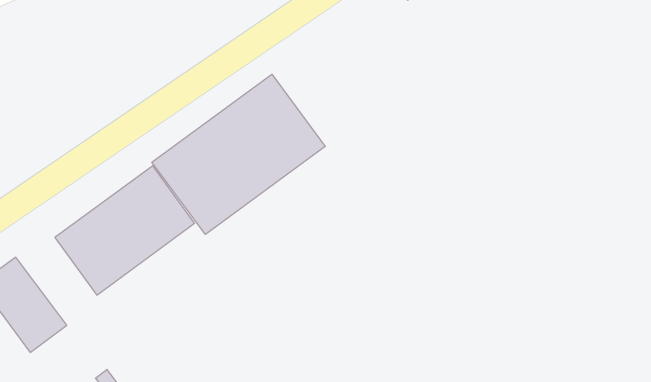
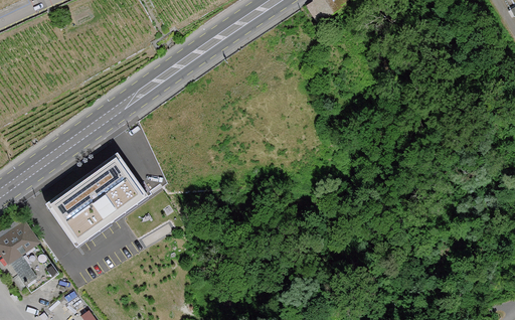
building: [152,74,325,234] -> none

